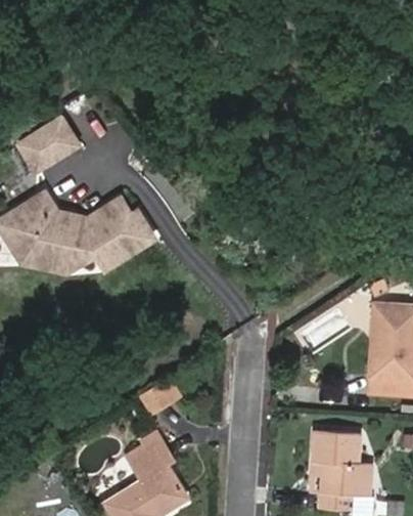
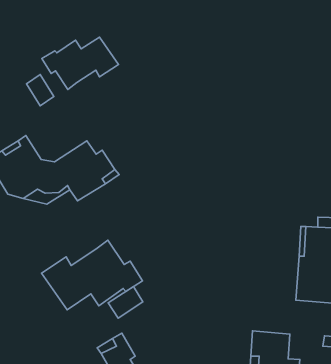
building: none -> [42,37,118,89]
building: [18,130,59,172] -> none
building: none -> [42,240,143,310]

